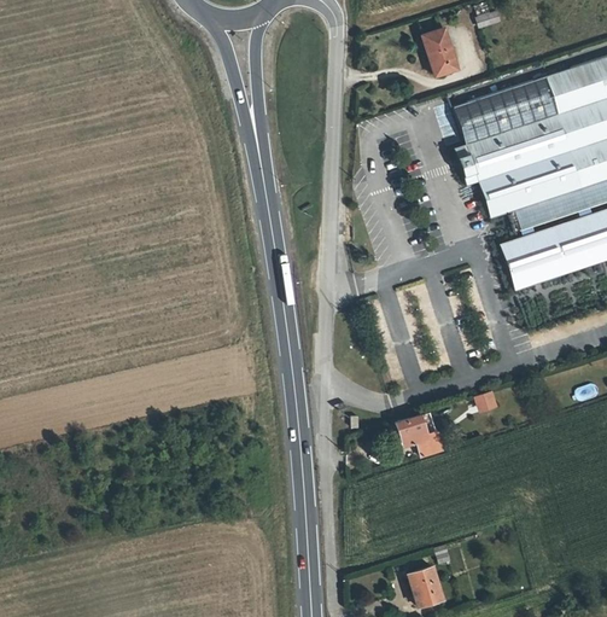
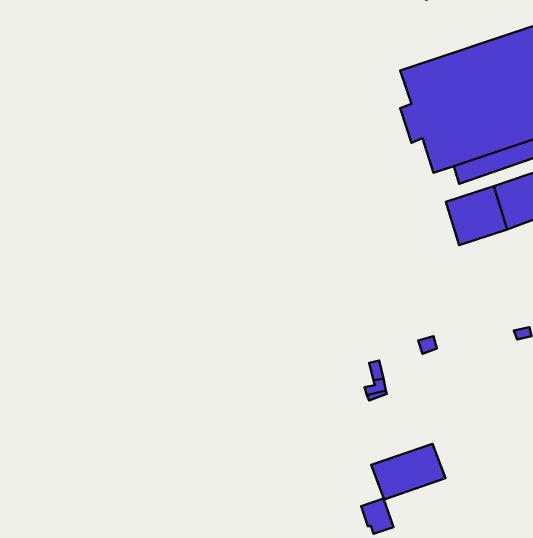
building: [427,37,459,80] -> none
building: [399,420,426,449] -> none
building: none -> [371,444,446,500]

